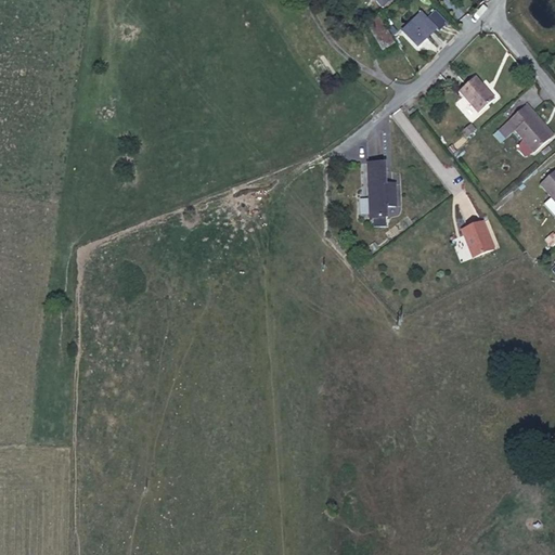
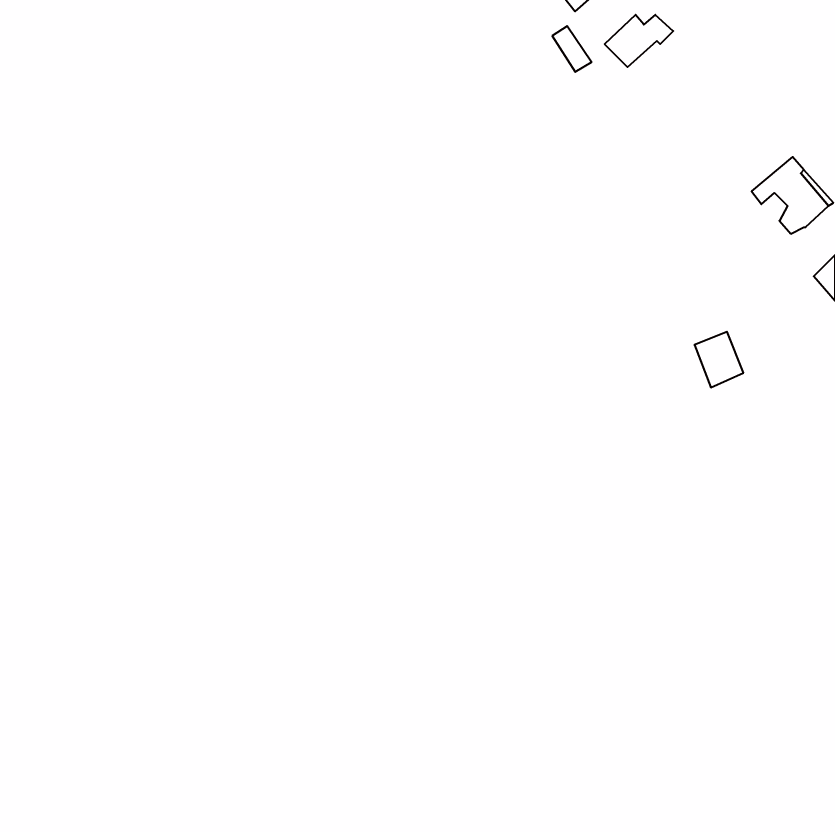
building: [459,76,493,111] -> none
building: [367,162,396,216] -> none

